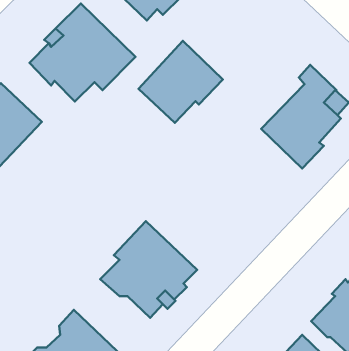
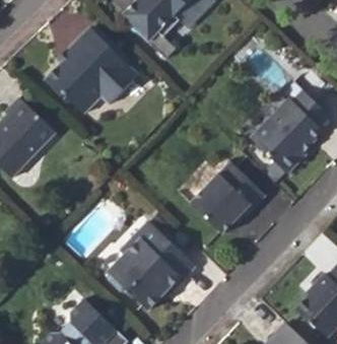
building: [138,41,223,123] -> [190,160,265,233]

